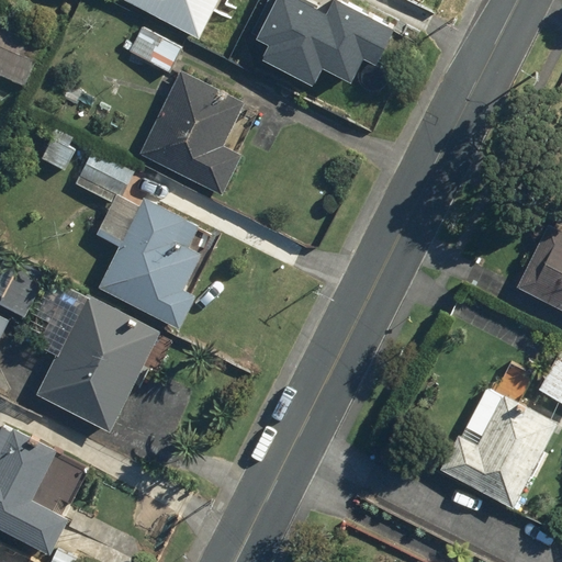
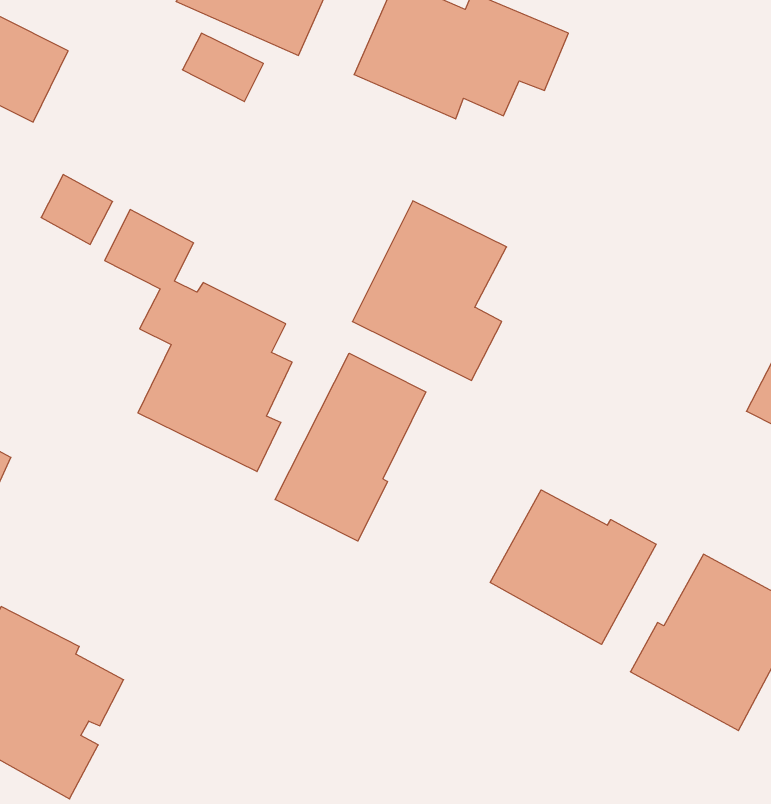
building: [138,71,245,195] -> [352,201,507,380]
building: none -> [275,353,426,541]
building: [29,278,160,431] -> none
building: none -> [490,490,656,644]

